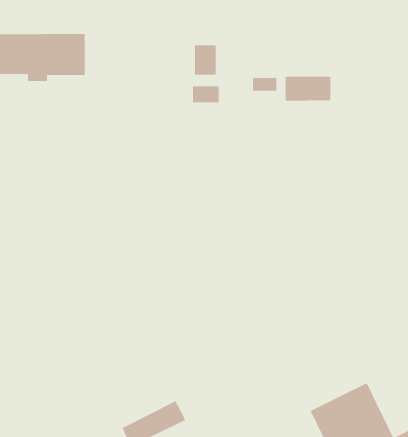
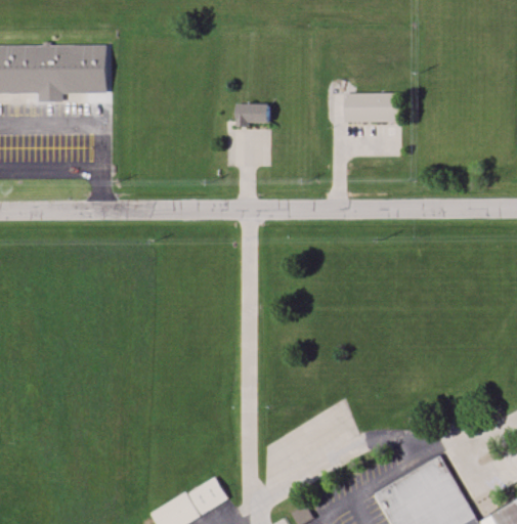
building: [194,44,216,75] -> none
building: [253,77,277,91] -> none

